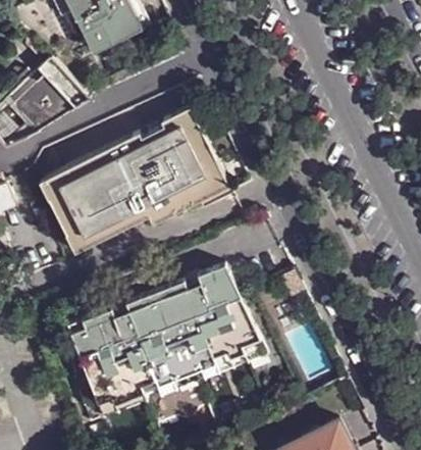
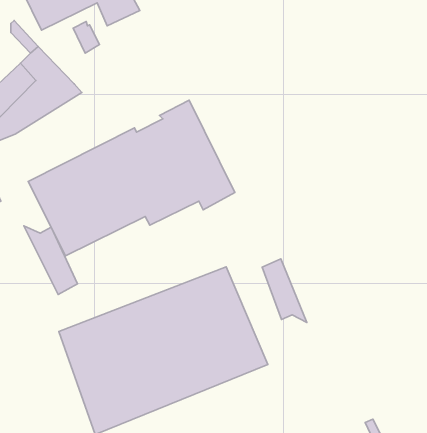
building: none -> [24,226,77,294]
building: none -> [262,259,307,322]

